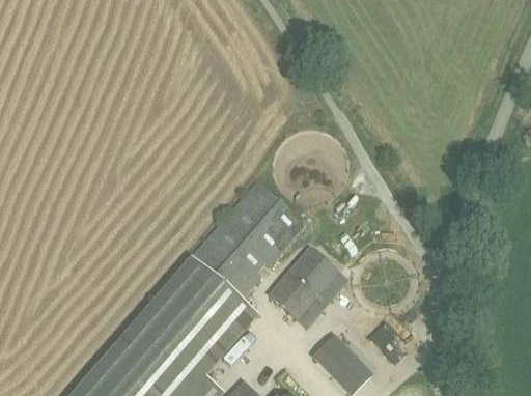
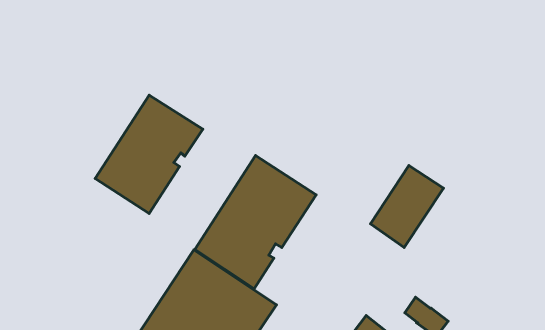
building: none -> [95,95,203,213]
building: [270,247,338,318] -> [370,166,444,248]

